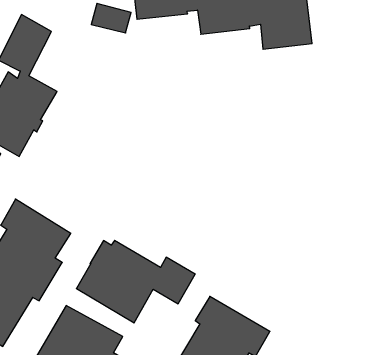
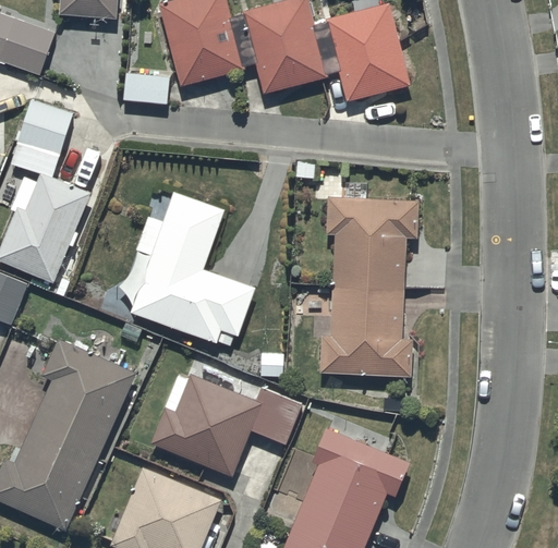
building: none -> [131,191,256,346]
building: none -> [320,197,418,376]

